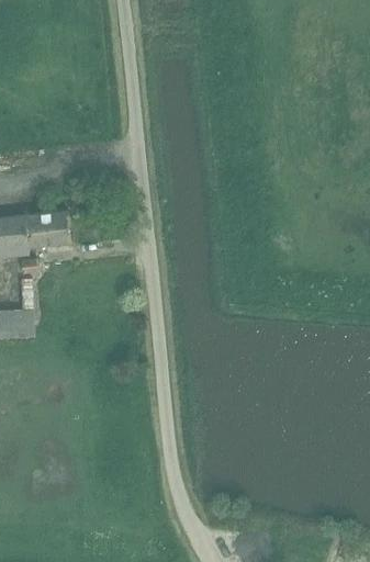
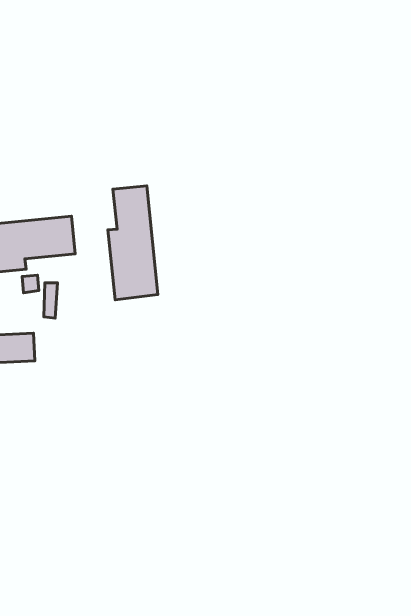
building: none -> [108,186,158,300]

